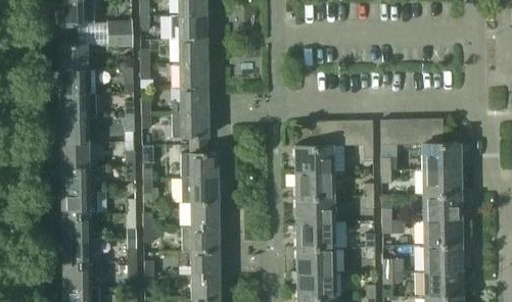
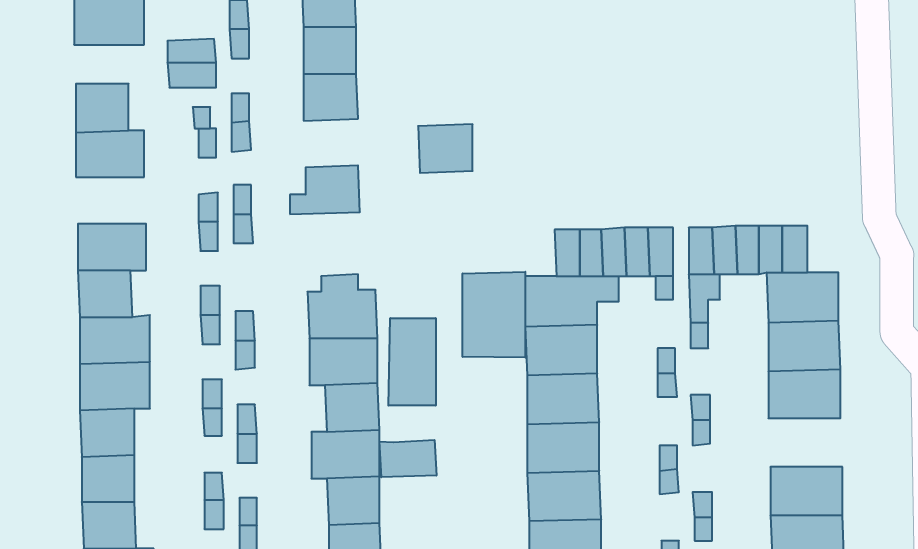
building: [179,63,207,89] -> [418,124,473,173]
building: [59,94,96,118] -> none
building: [172,112,208,146] -> none
building: none -> [463,272,525,358]
building: none -> [388,318,436,406]
building: [423,220,462,246] -> none
building: none -> [379,440,436,477]

